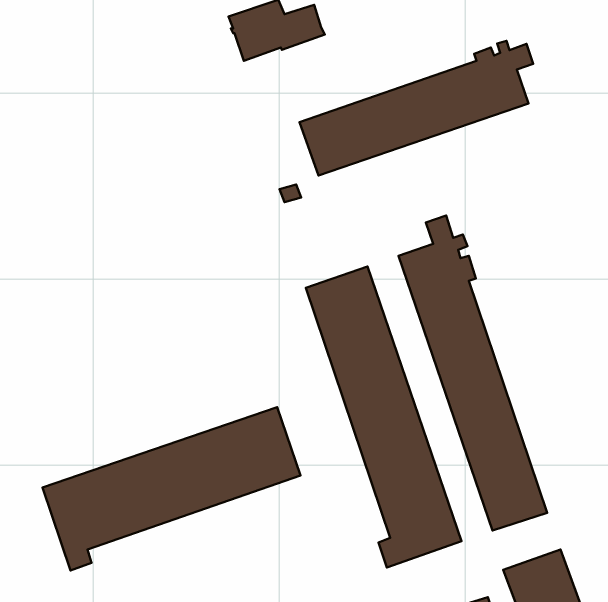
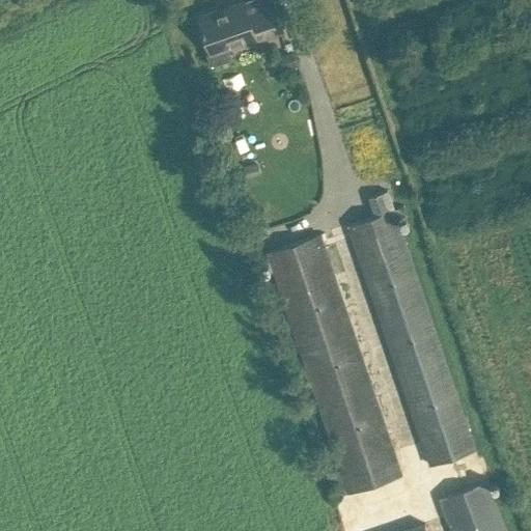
building: [300,41,533,175] -> none
building: [42,407,300,570] -> none

